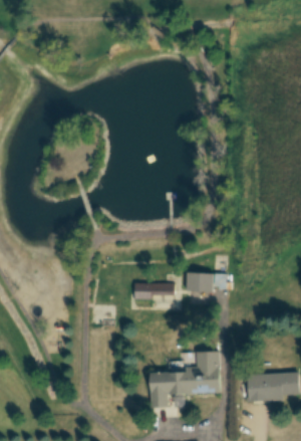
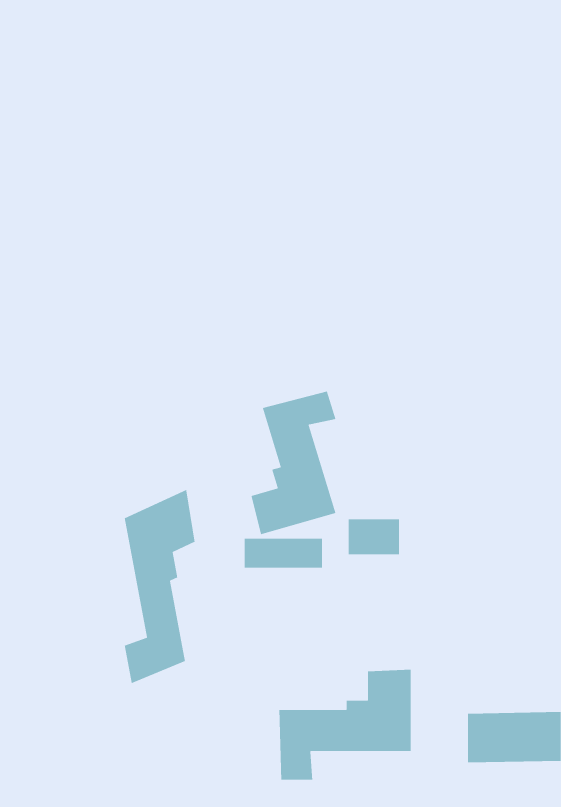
building: none -> [250,391,336,535]
building: none -> [124,489,195,684]

